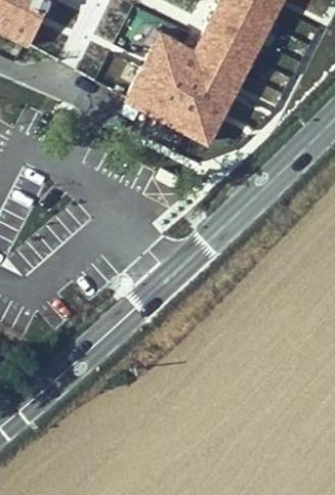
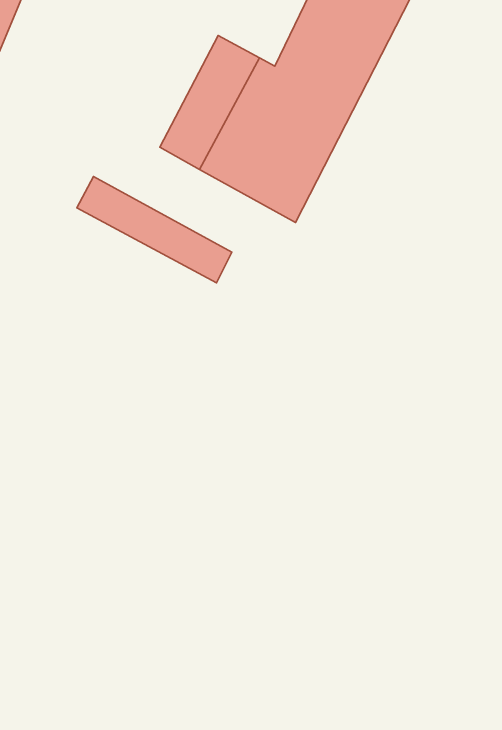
building: none -> [77,177,232,283]

